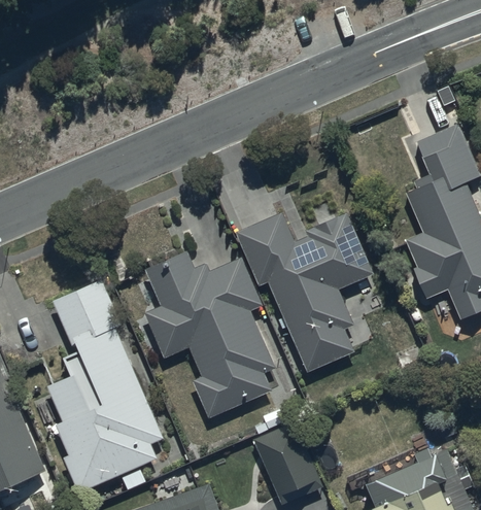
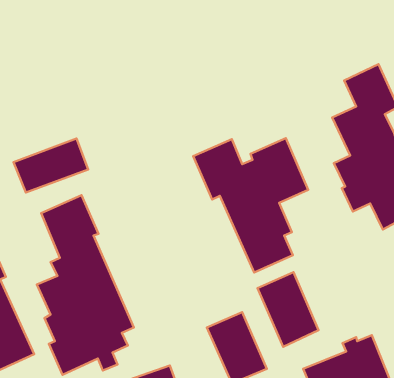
building: none -> [14,138,88,193]
building: [143,250,275,418] -> none
building: none -> [258,272,319,347]

